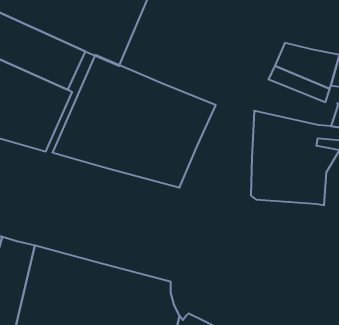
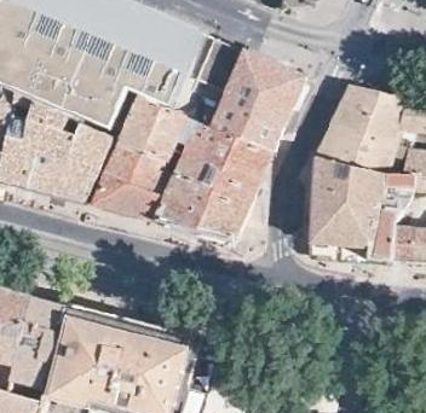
building: none -> [209,54,303,155]
building: none -> [311,126,390,176]

